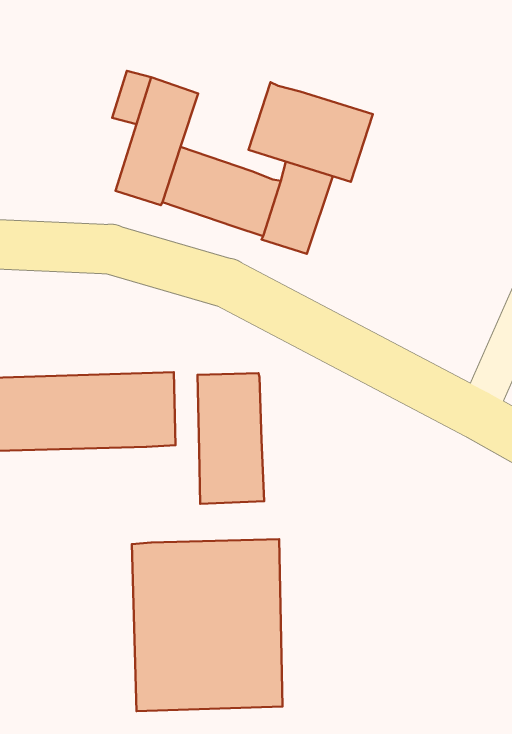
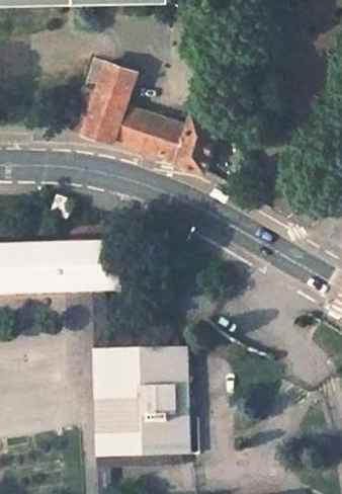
building: [249,82,373,182] -> none
building: [197,373,264,504] -> none

